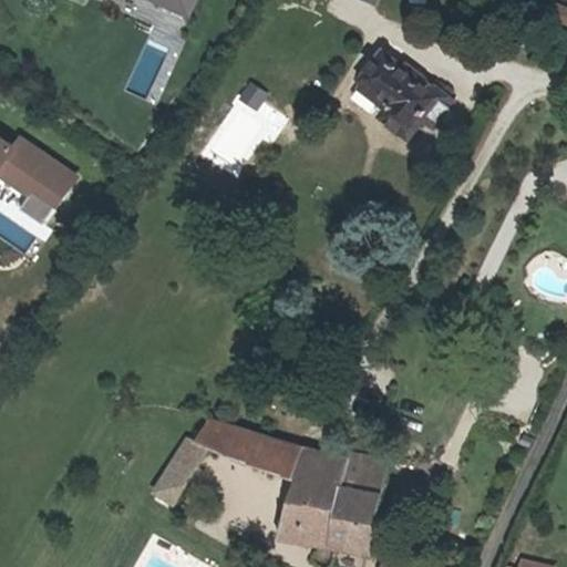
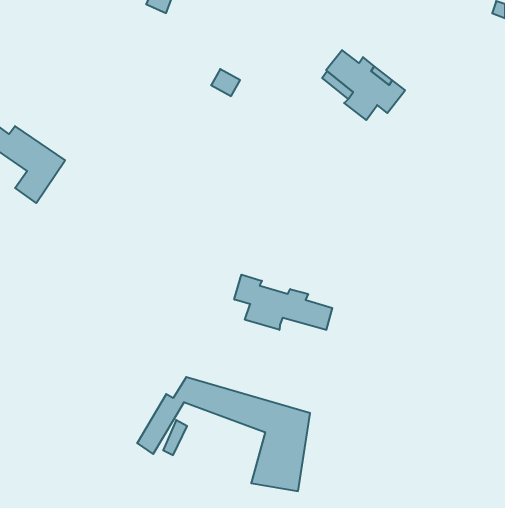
building: none -> [234,275,332,330]
building: [330,452,384,550] -> none

